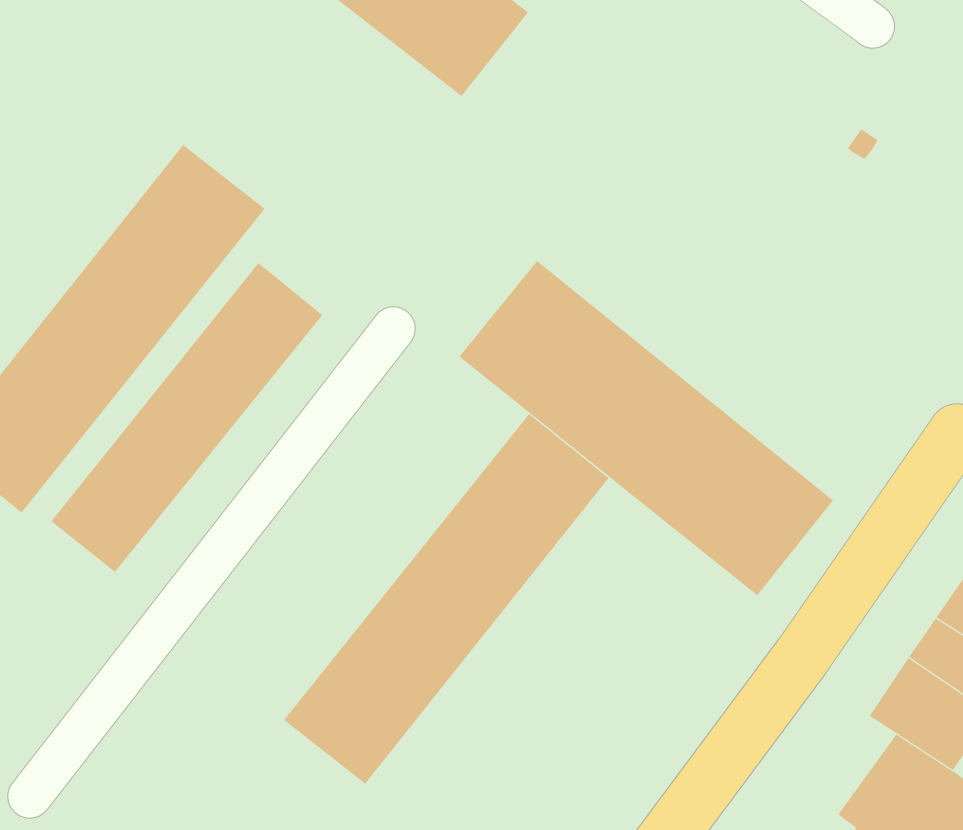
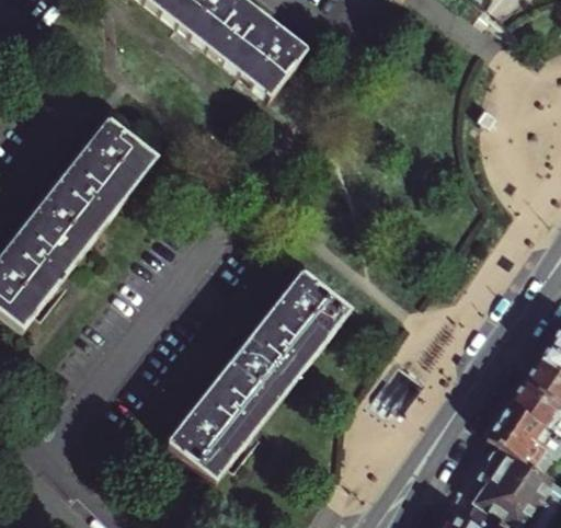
building: [458,260,834,596] -> none
building: [51,262,323,573] -> none

